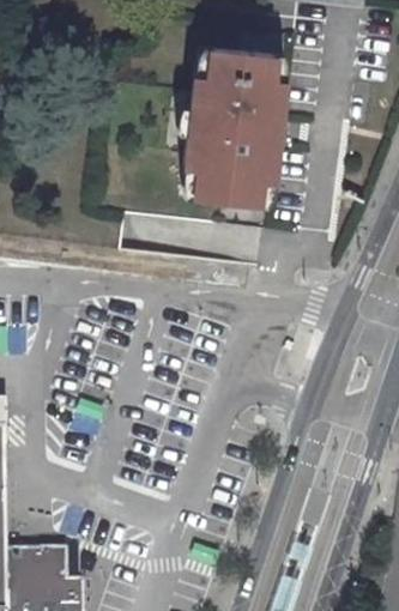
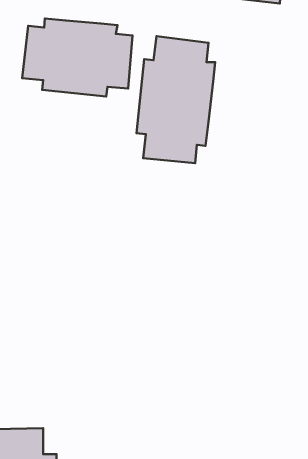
building: none -> [22,19,133,96]

